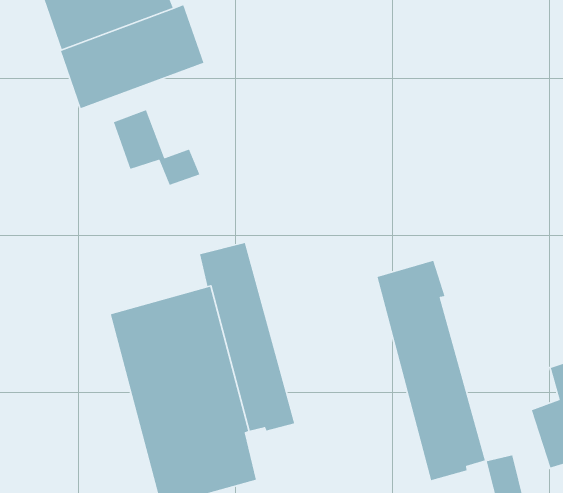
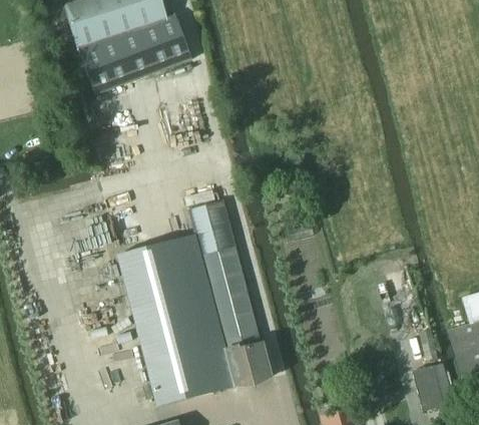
building: [113,109,201,186] -> none
building: [376,260,486,481] -> none
building: none -> [223,342,274,388]

